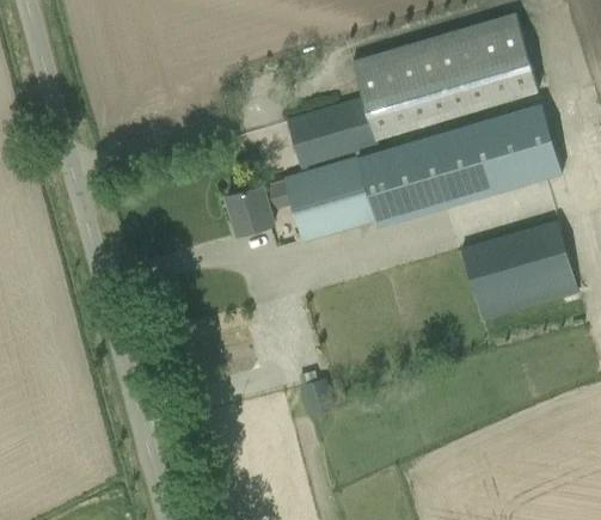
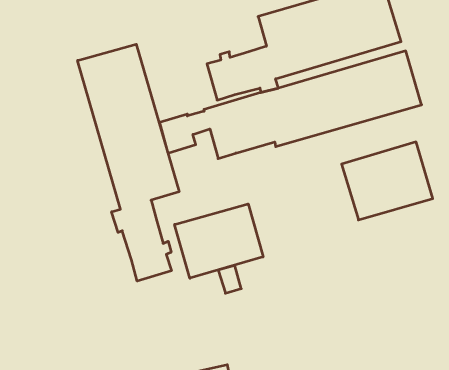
building: none -> [78,44,179,281]
building: none -> [175,204,263,278]

